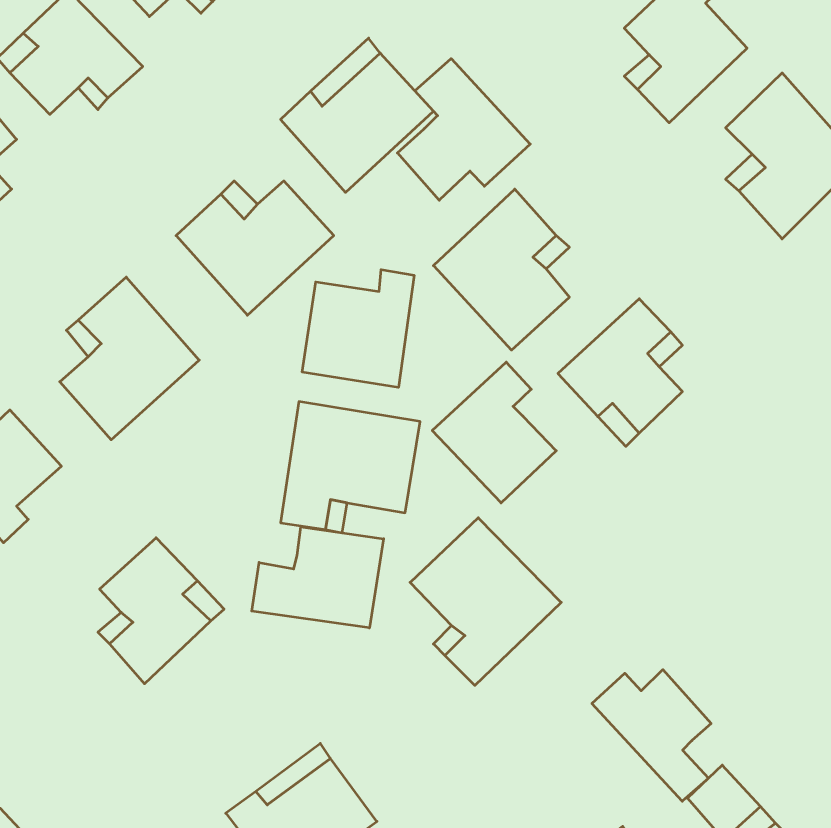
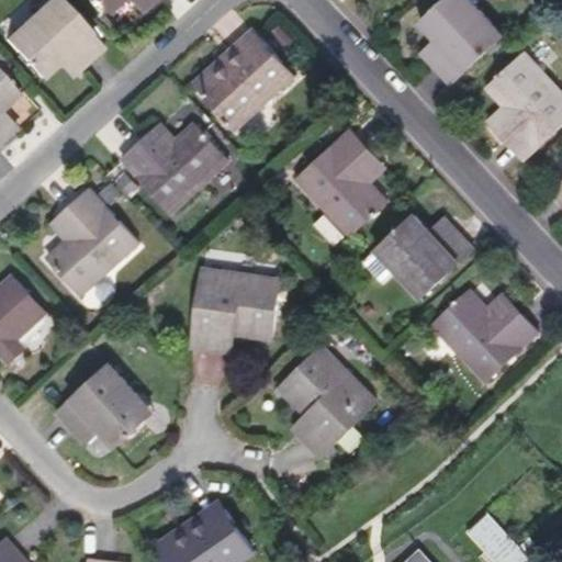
building: [397,59,530,200] -> none
building: [302,270,414,387] -> none
building: [432,362,556,503] -> none
building: none -> [431,291,538,383]
building: [252,527,384,628] -> none
building: [592,670,711,801] -> none

